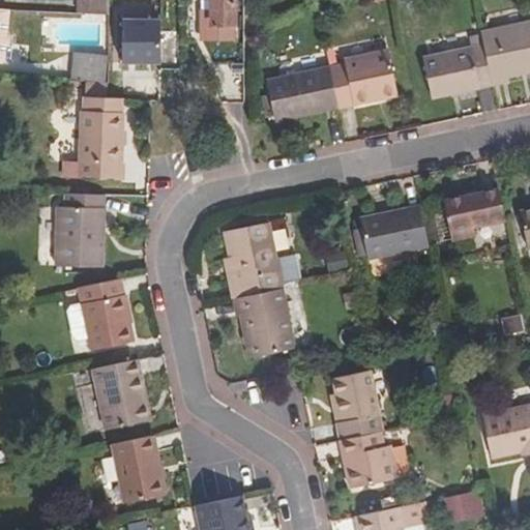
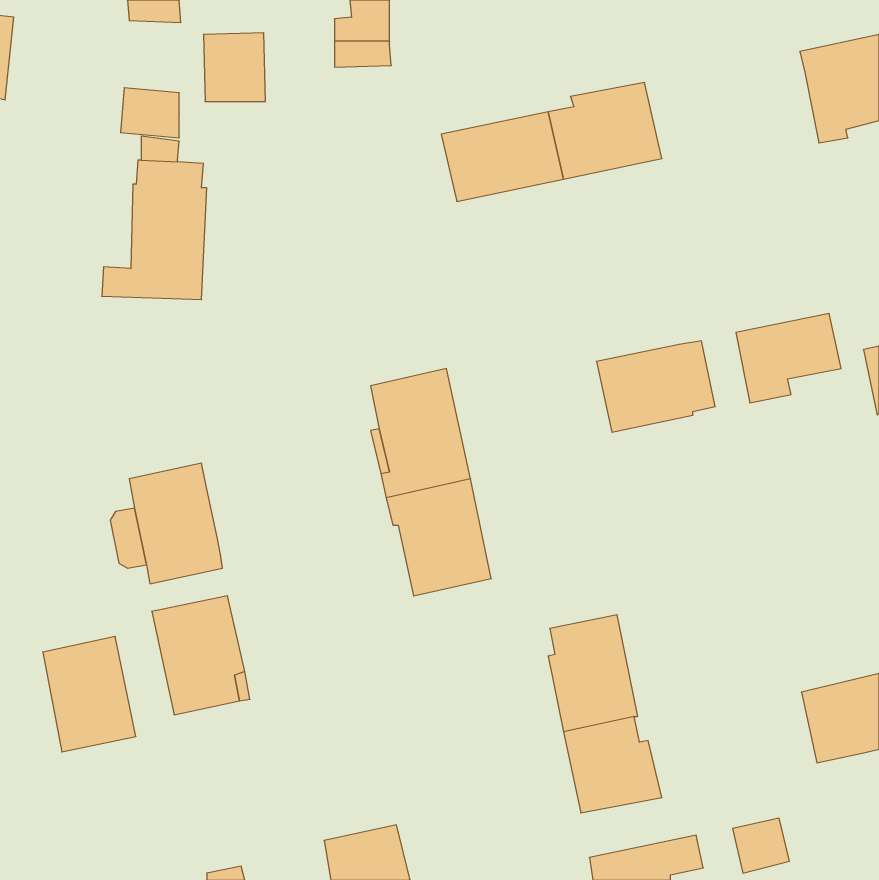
building: [421,43,492,98] -> none
building: [54,194,105,268] -> none
building: [111,435,167,504] -> [43,637,136,752]

